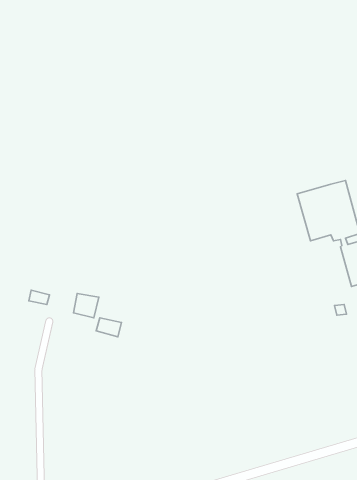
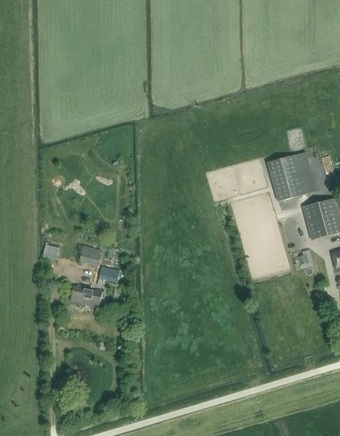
building: none -> [70,284,102,307]

